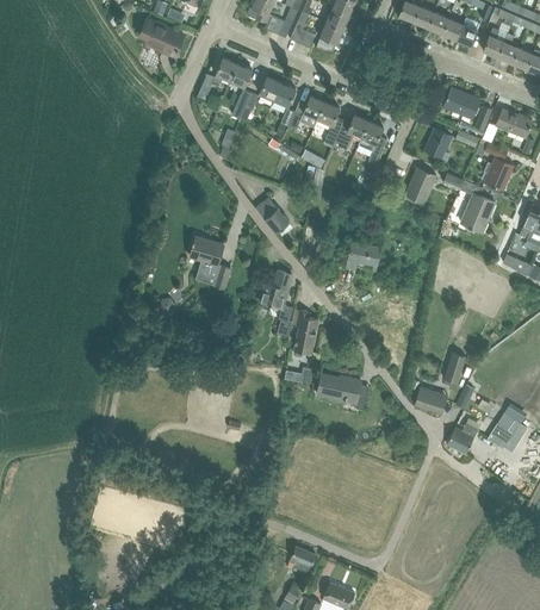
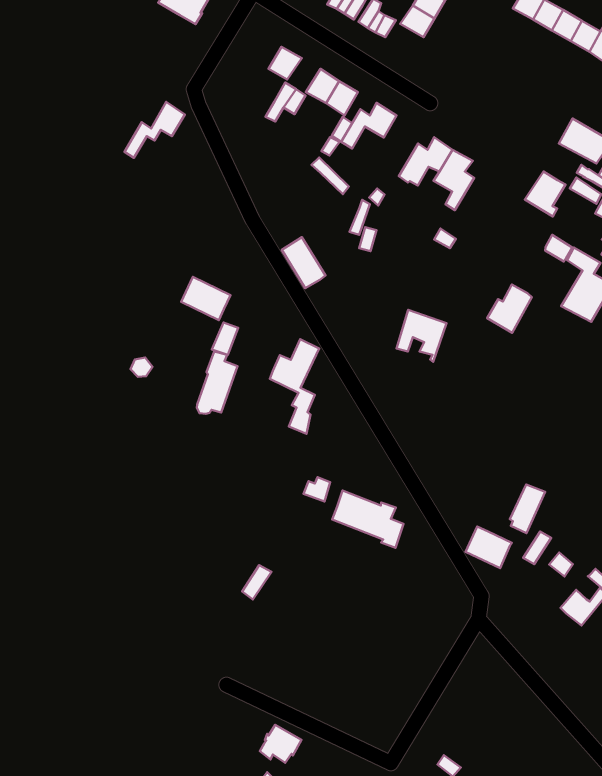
building: [198,57,237,100] -> [125,102,185,158]
building: [318,102,343,145] -> none
building: [405,169,435,204] -> [487,284,532,333]
building: [293,311,318,356] -> [197,351,237,414]
building: [446,424,478,454] -> none

